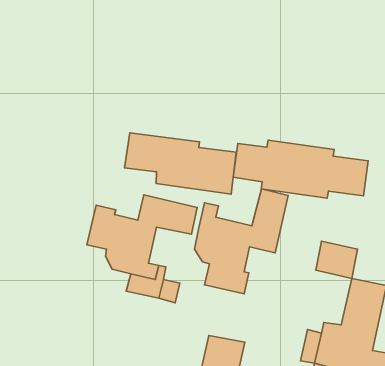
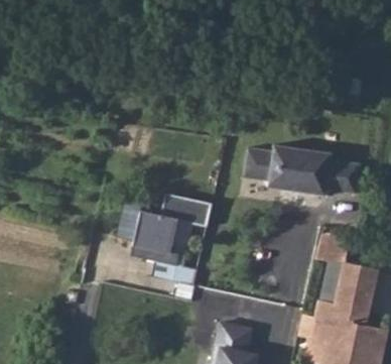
building: [125,133,236,194] -> none
building: [194,189,288,294] -> none

